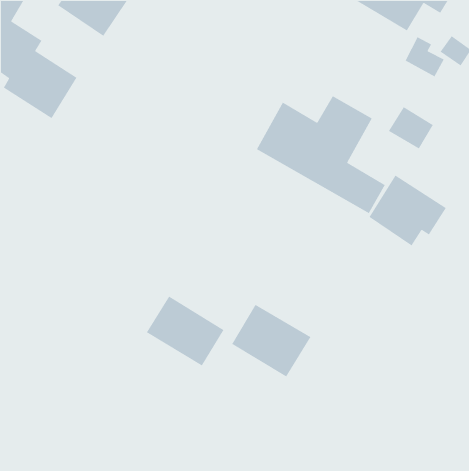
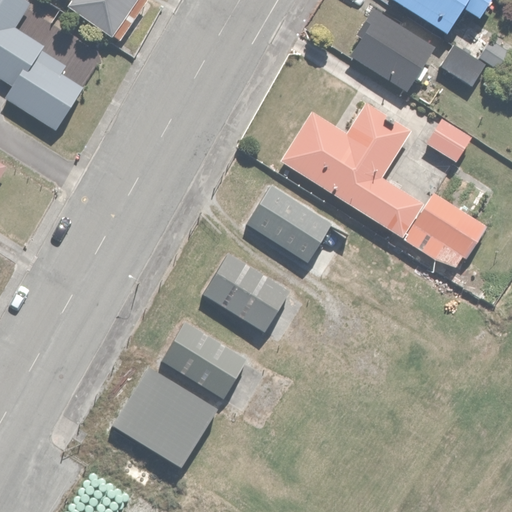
building: none -> [350,7,434,92]
building: none -> [244,184,333,264]
building: [231,304,311,378] -> [202,251,289,331]
building: none -> [111,366,216,467]

